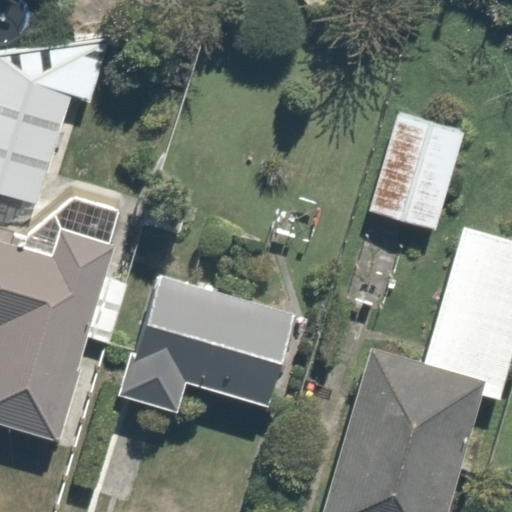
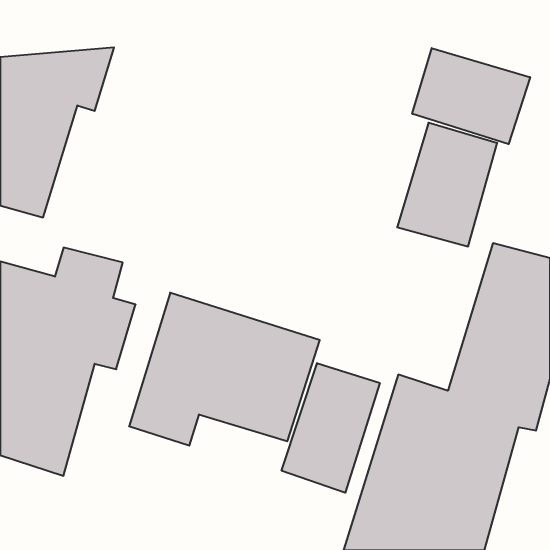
building: none -> [412,48,530,144]
building: none -> [282,363,380,493]

